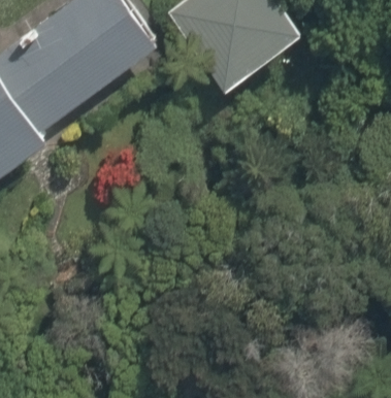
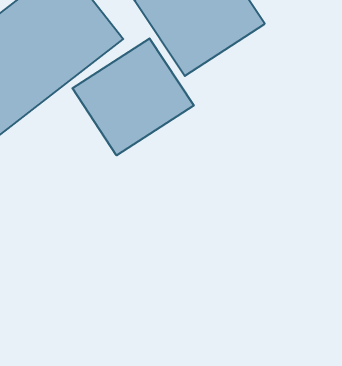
building: none -> [72,38,194,155]

